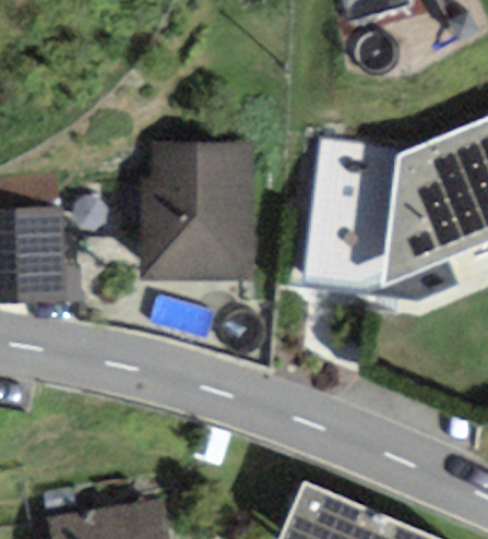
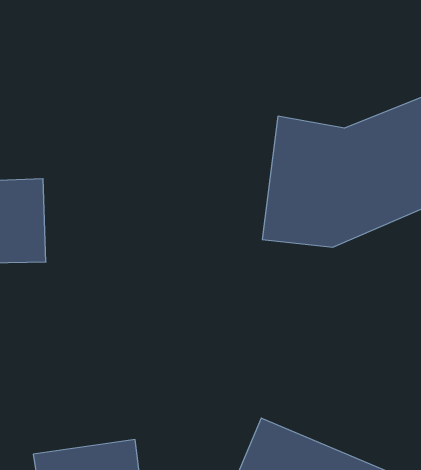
building: [140,145,253,283] -> none

